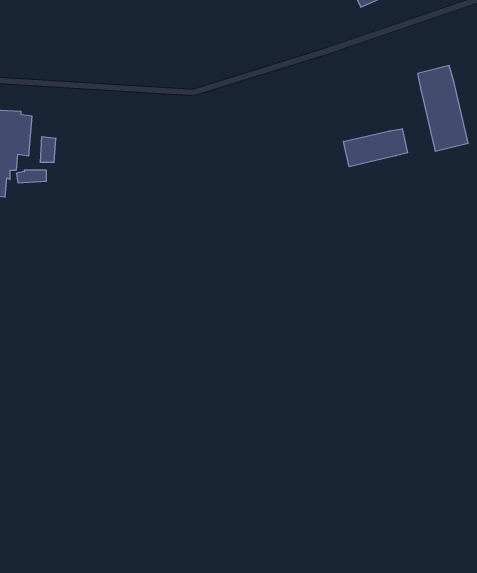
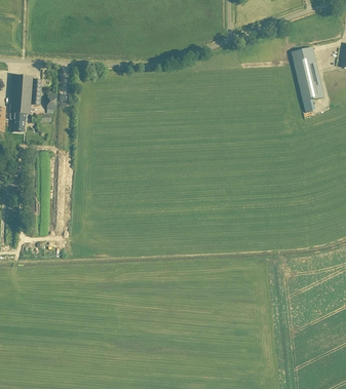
building: [343,129,407,167] -> none

